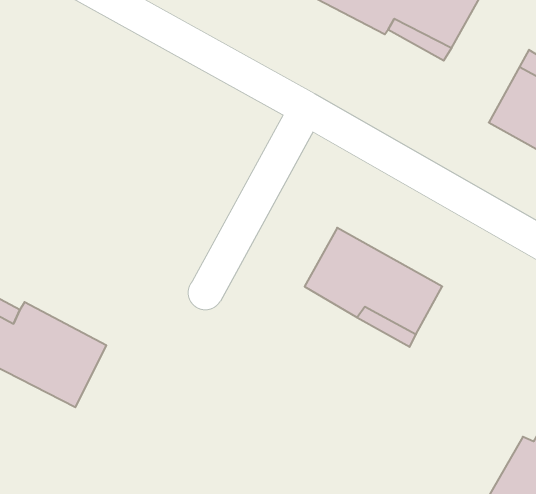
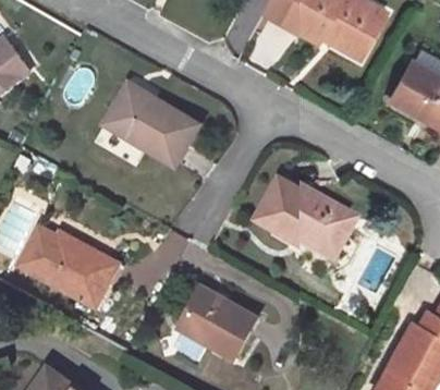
building: none -> [107,83,203,163]
building: none -> [173,281,254,355]

